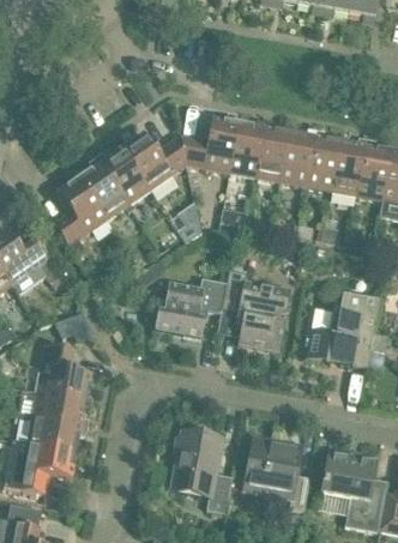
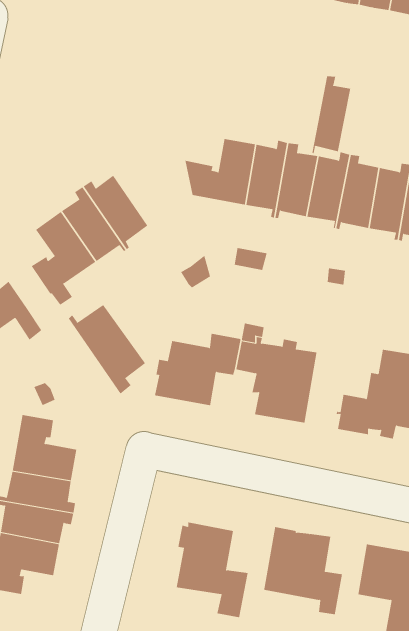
building: none -> [312,76,351,154]
building: [120,132,185,188] -> none
building: none -> [68,304,146,394]

